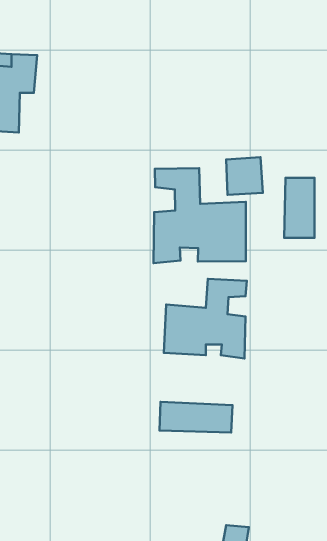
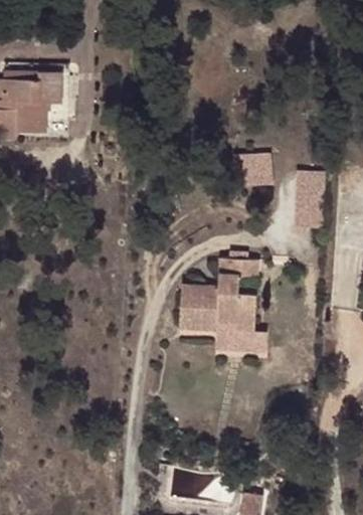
building: [153,168,246,263] -> none
building: [159,402,232,433] -> none

